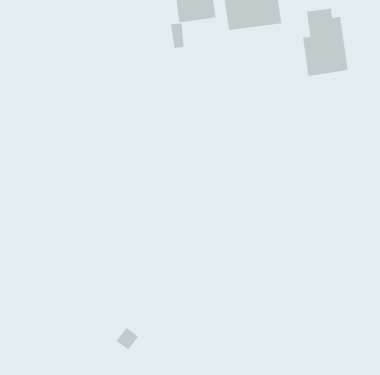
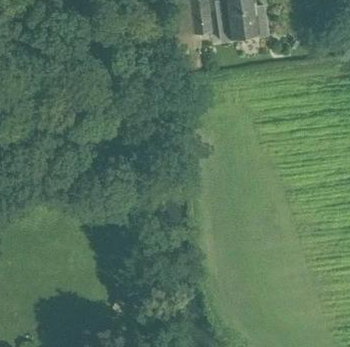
building: [302,8,348,77] -> none

